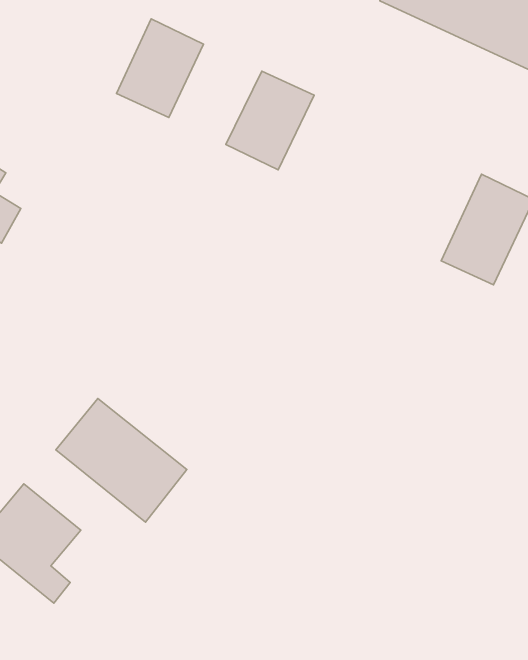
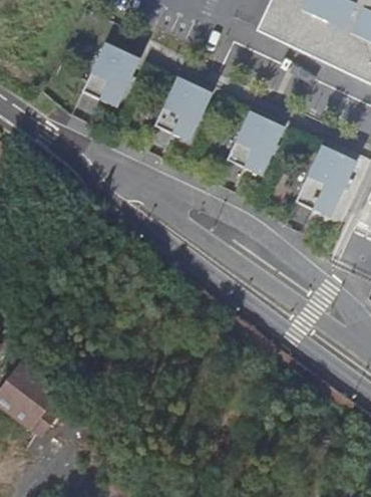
building: none -> [229,112,286,178]
building: [56,399,187,522] -> none

